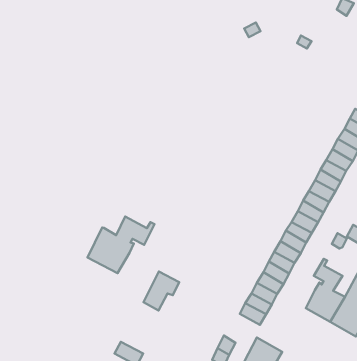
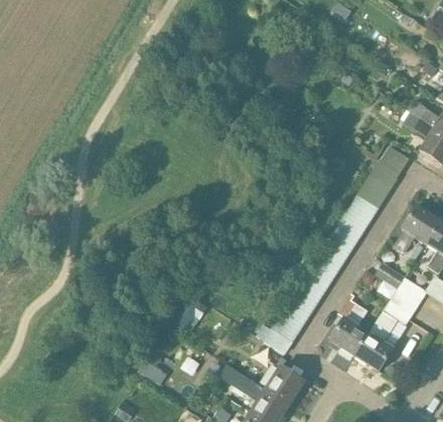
building: [88,216,154,273] -> none

